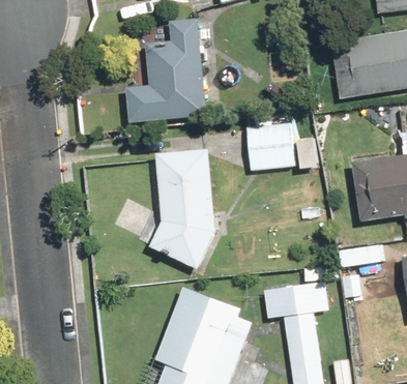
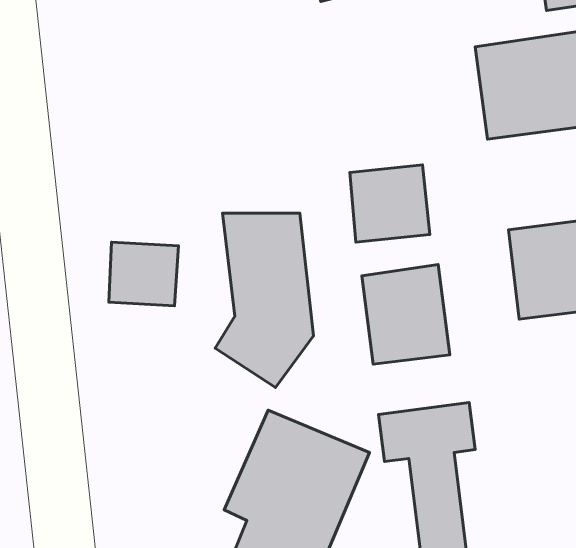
building: [125,23,210,124] -> none
building: none -> [109,242,178,306]
building: none -> [362,265,450,364]

